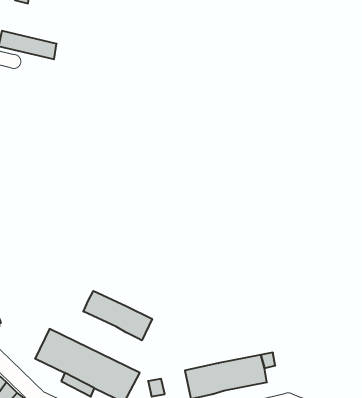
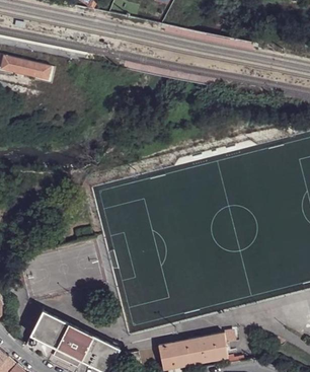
building: [83,291,152,340] -> none

